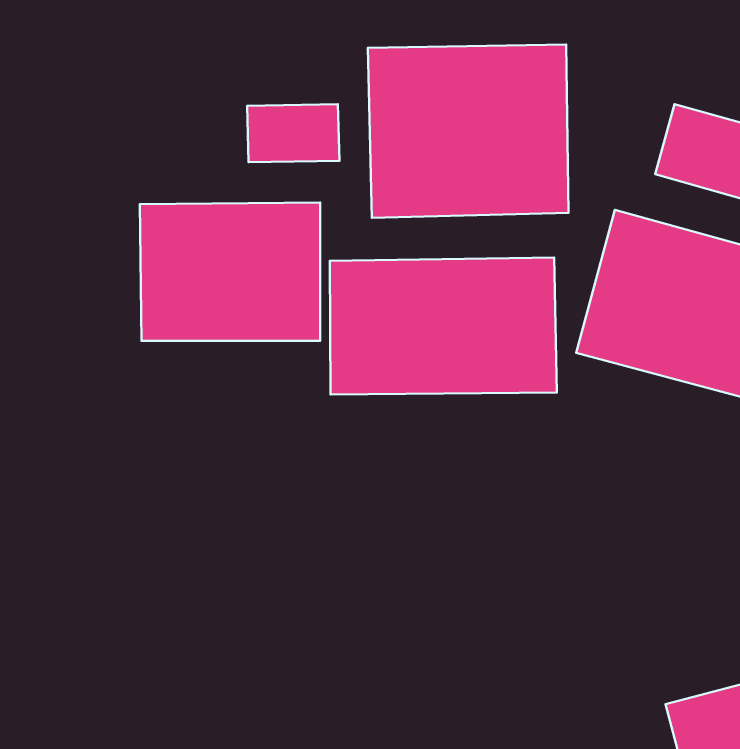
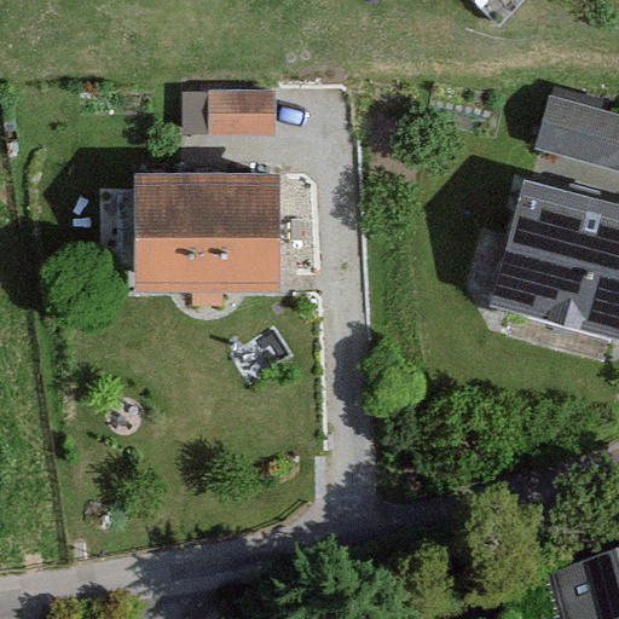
building: [368,45,568,218] -> none
building: [330,258,557,394] -> none

